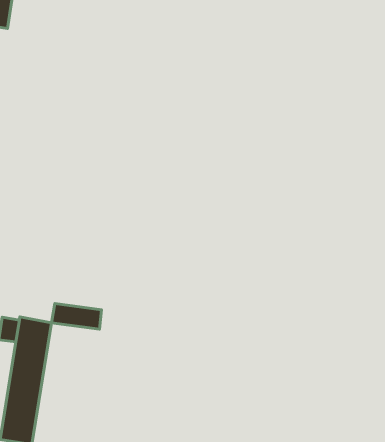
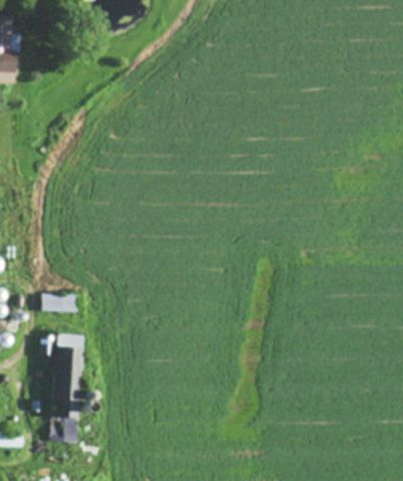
building: [51,303,102,329] -> [42,294,84,312]

